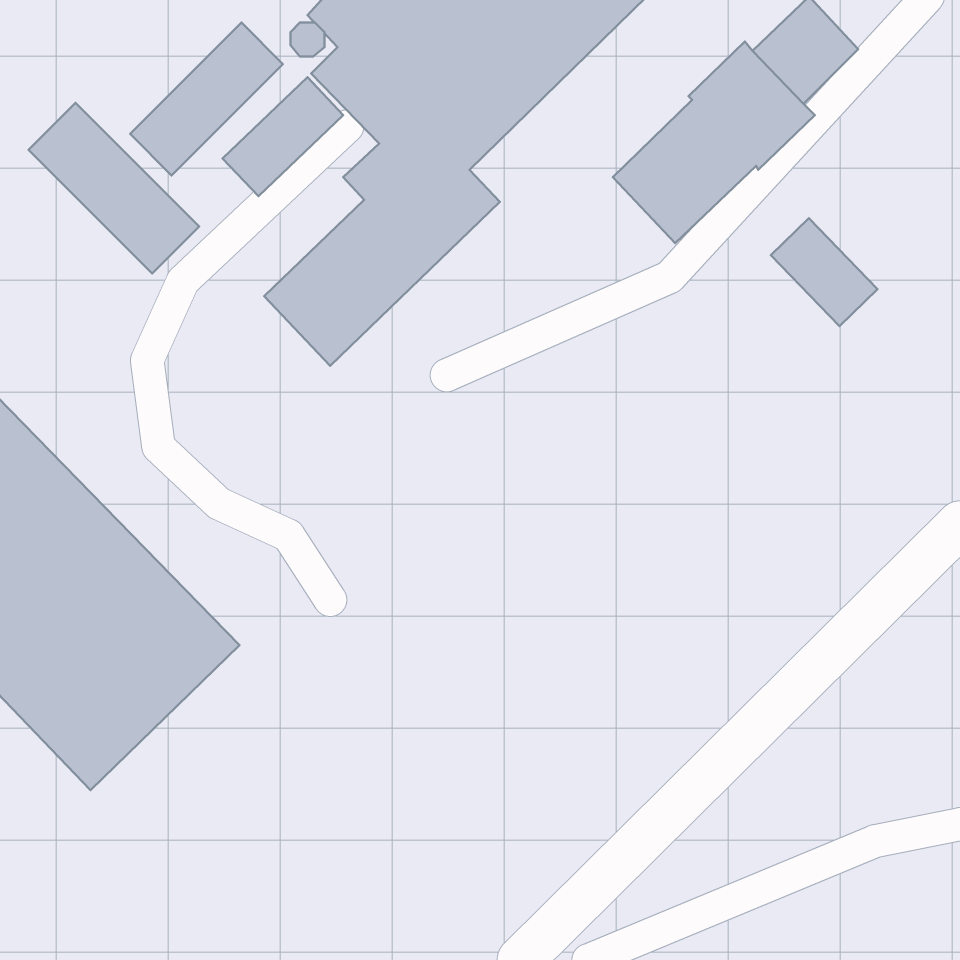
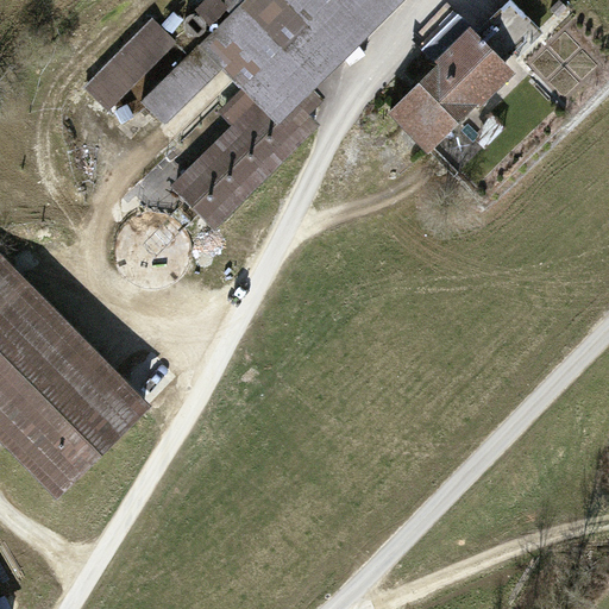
building: [29,103,199,273] -> none
building: [771,218,878,326] -> none

